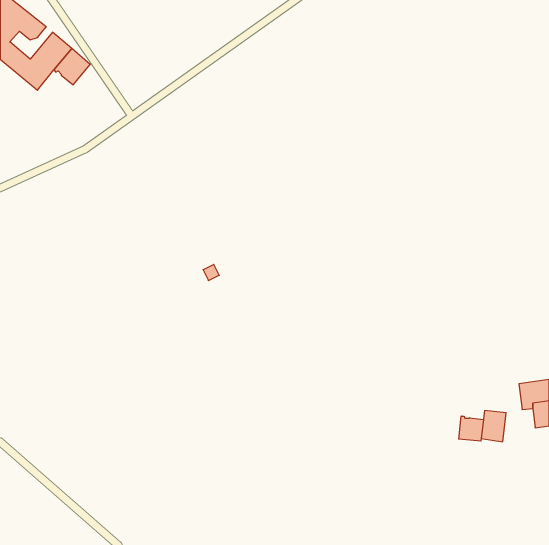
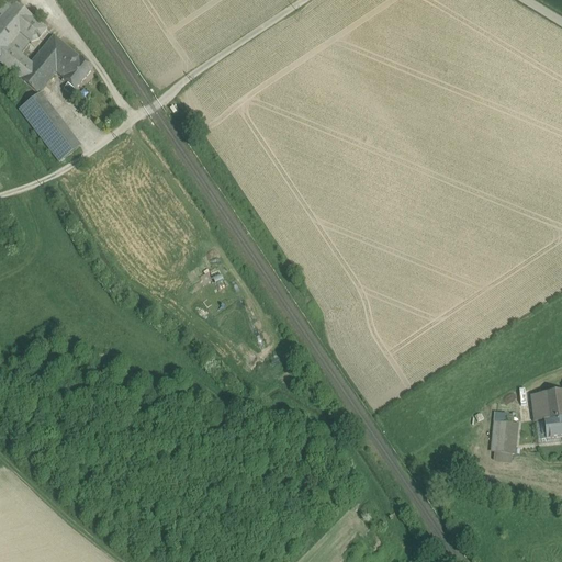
building: none -> [20,93,78,159]
building: [459,416,484,441] -> none

